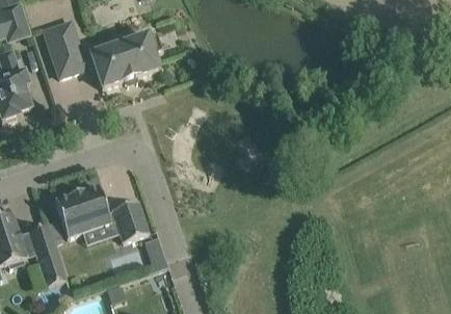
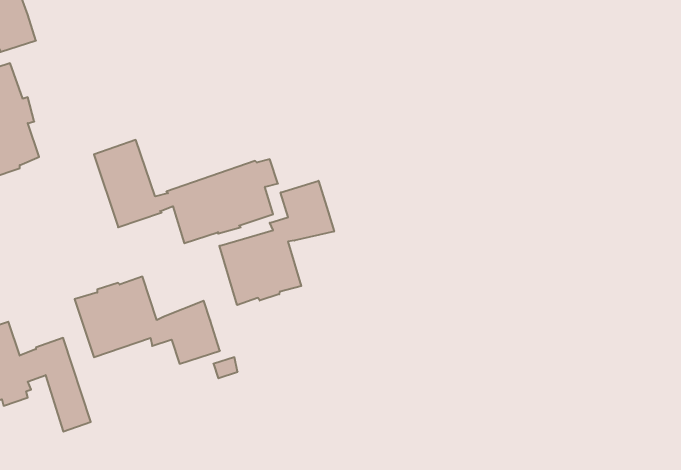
building: [43,21,161,87] -> [94,140,278,243]
building: none -> [219,181,334,305]

